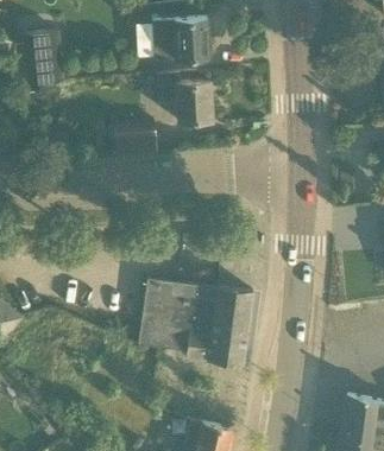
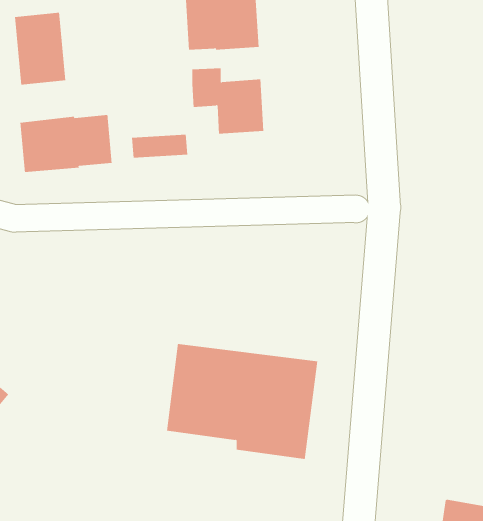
building: none -> [20,114,112,173]

